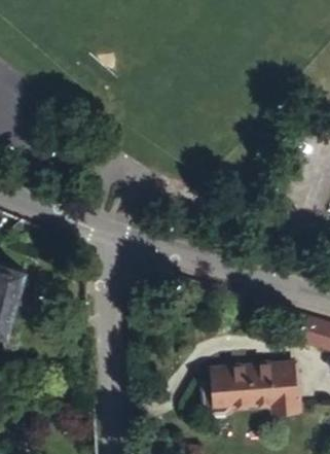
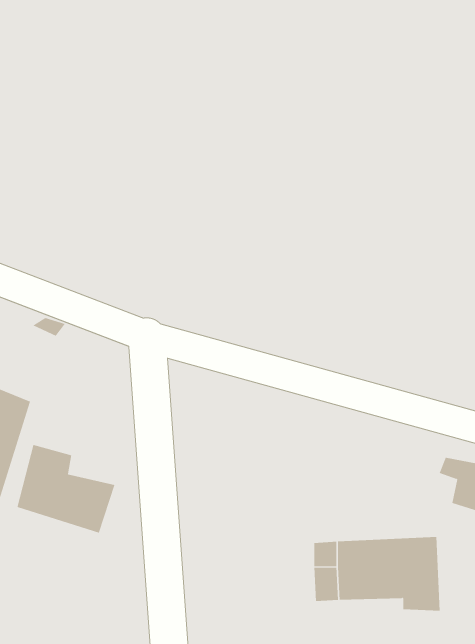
building: none -> [17,444,115,533]

